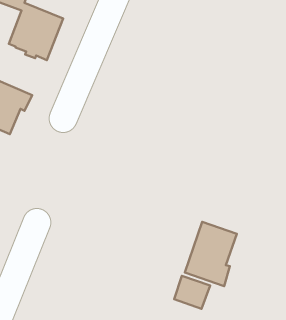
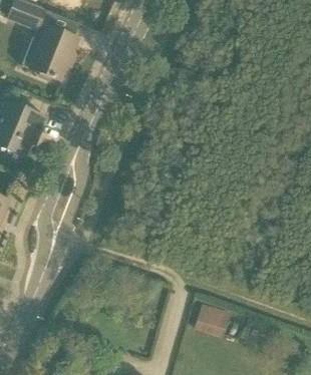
building: [185,222,237,286] -> none

